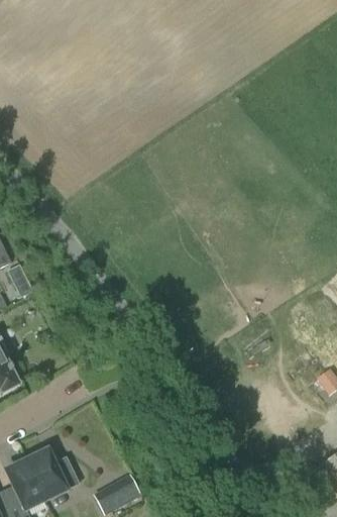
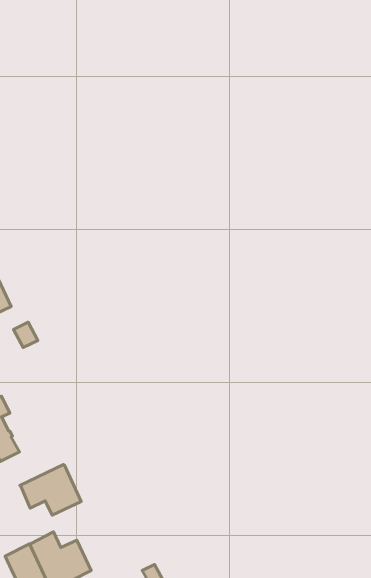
building: none -> [20,464,81,515]

